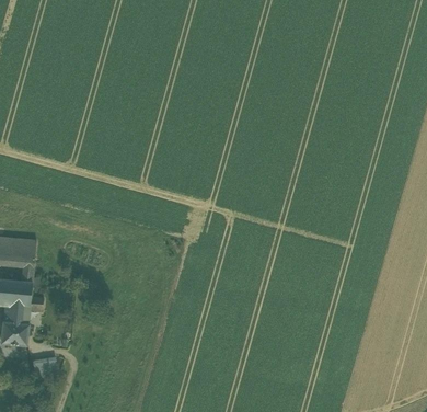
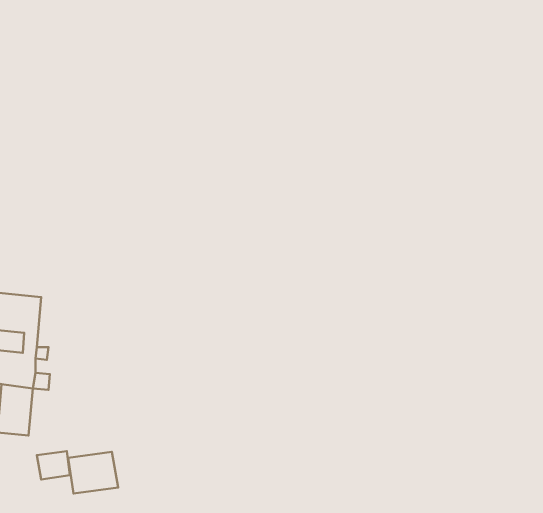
building: none -> [68,452,118,494]

